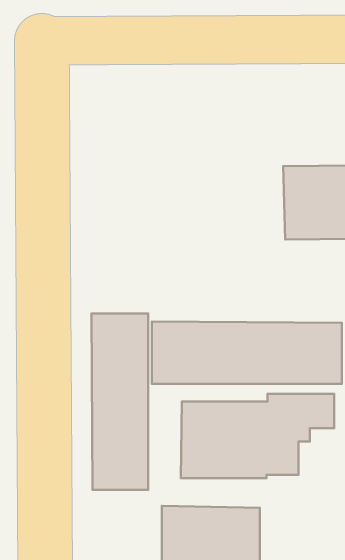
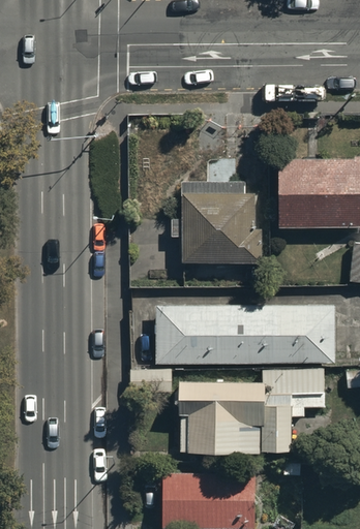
building: none -> [181,183,260,263]
building: [91,313,148,490] -> none

